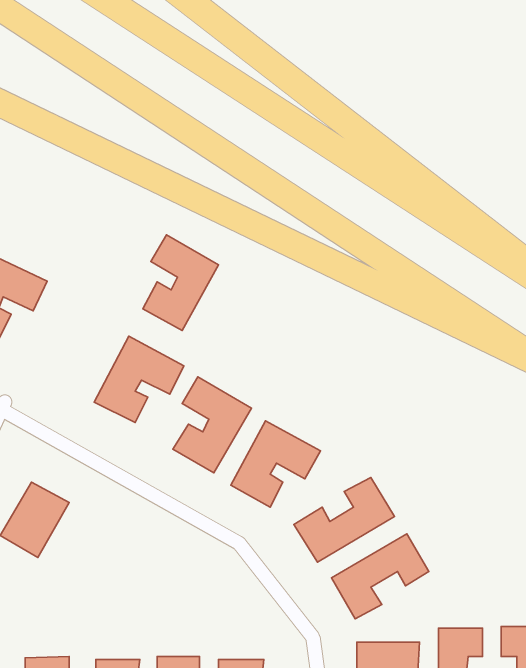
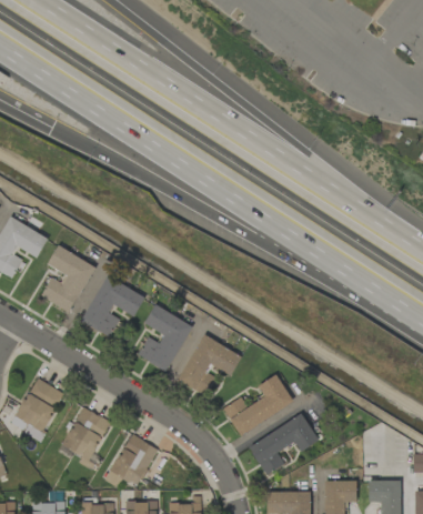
building: [143,235,218,331] -> [41,245,94,313]
building: none -> [62,407,110,467]
building: none -> [105,434,158,487]

